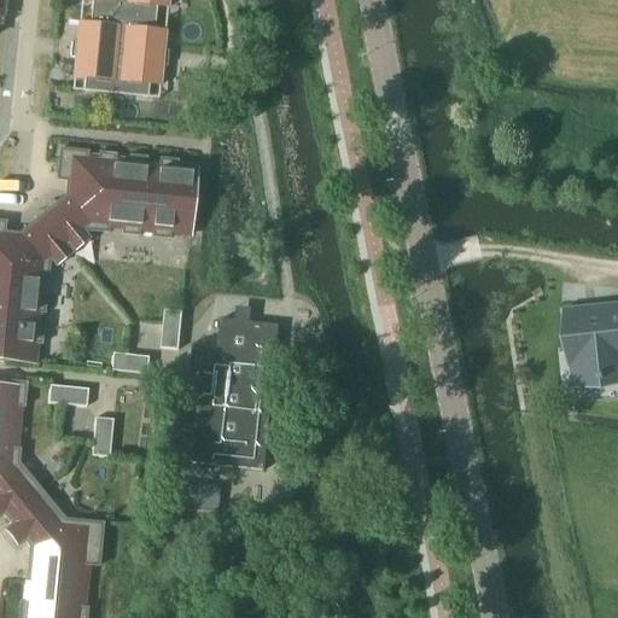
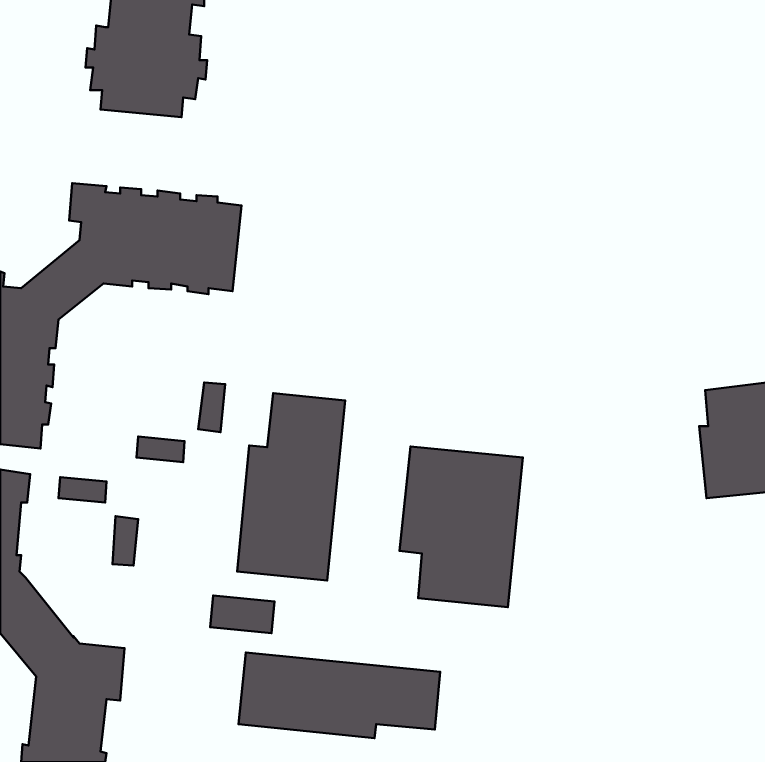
building: none -> [399,446,523,607]
building: none -> [239,652,440,738]

